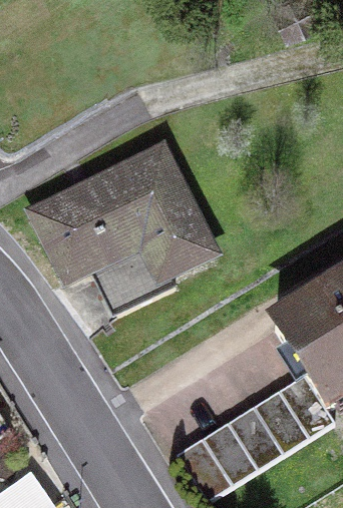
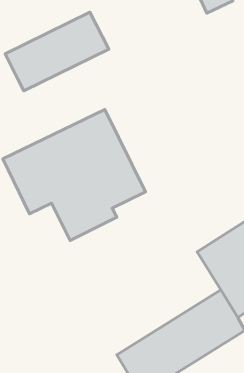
building: none -> [5,12,109,91]

